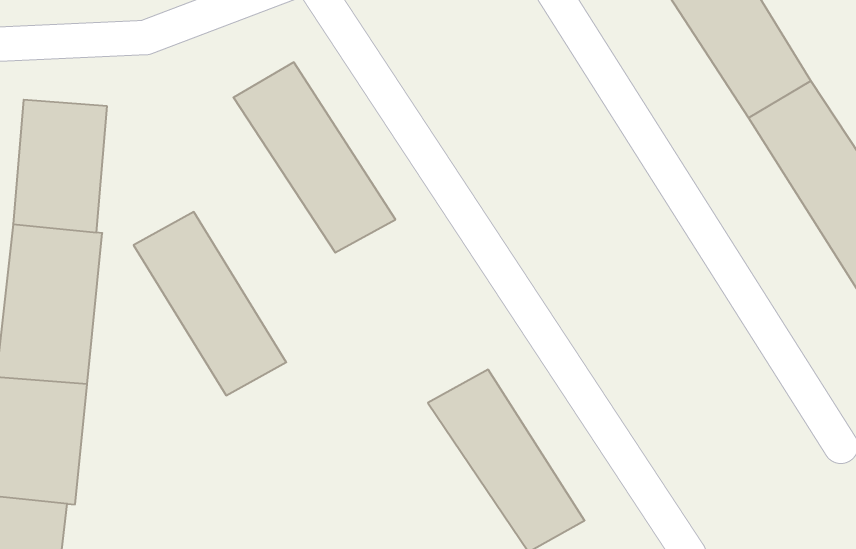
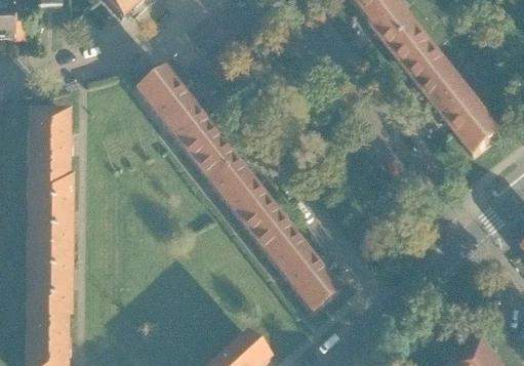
building: [134,212,286,395] -> [197,143,283,237]

